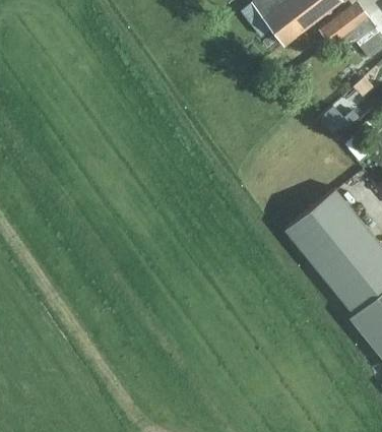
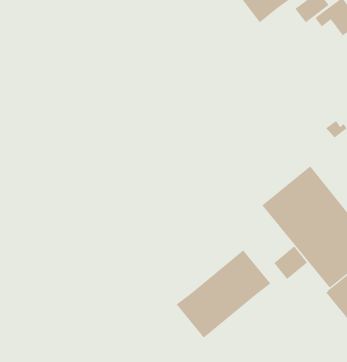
building: none -> [273,246,308,280]
building: none -> [176,249,271,339]

